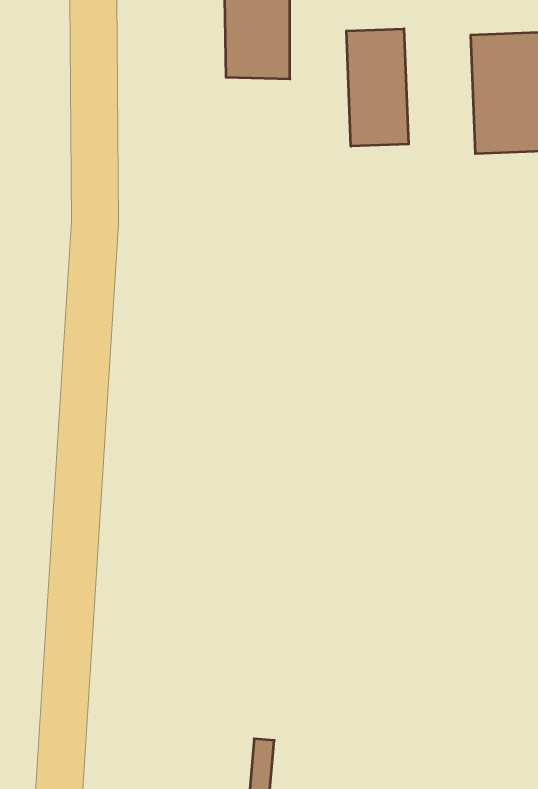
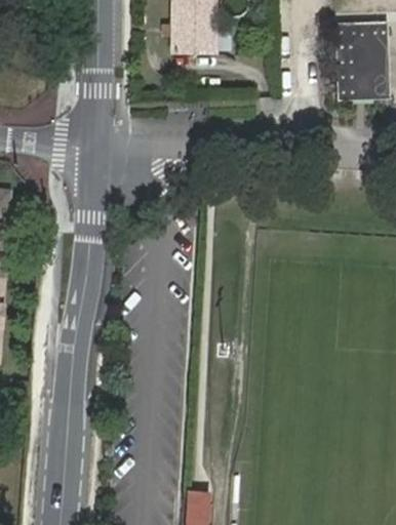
building: [346,29,409,146] -> none

